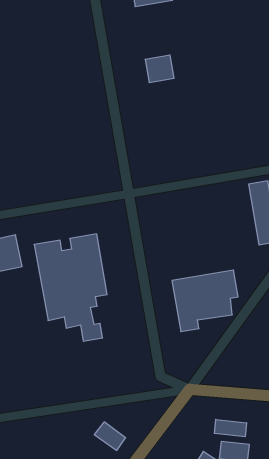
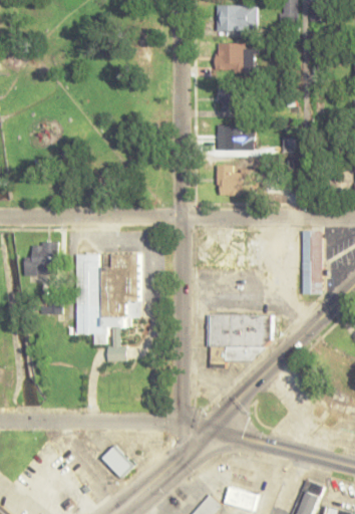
building: none -> [216,43,241,68]
building: none -> [217,125,253,151]
building: none -> [217,168,248,196]
building: [214,419,247,437] -> none

